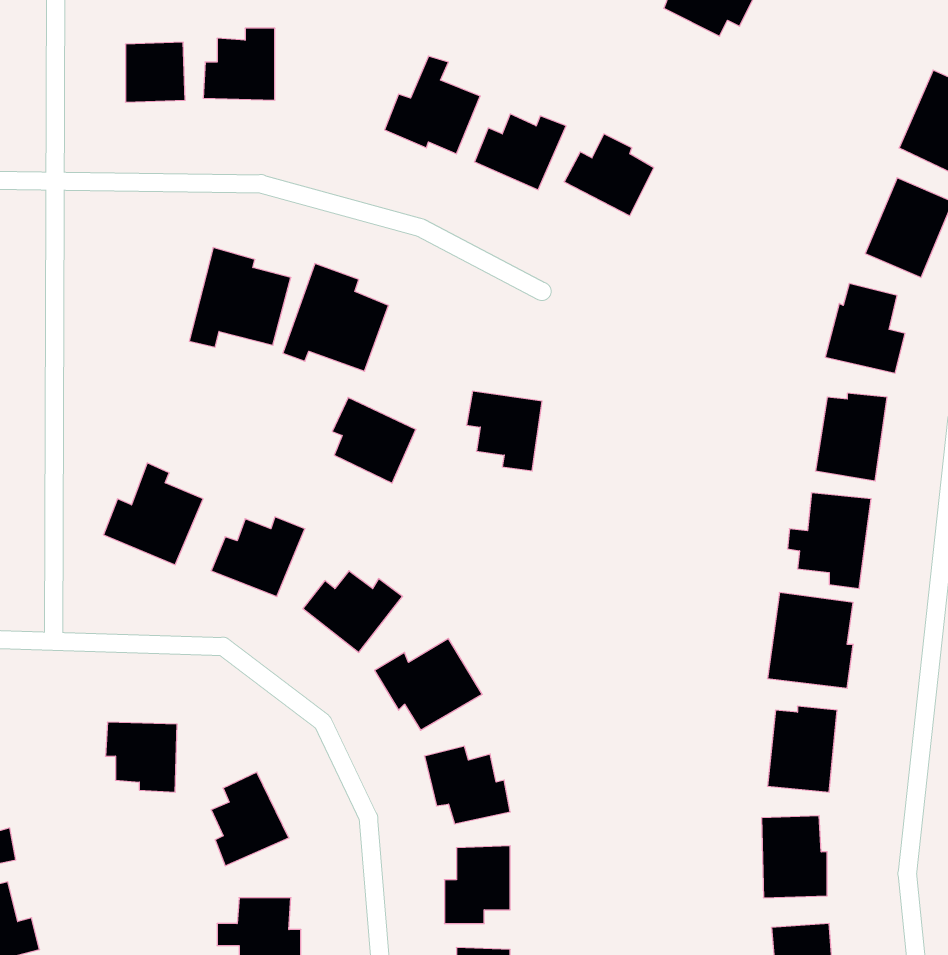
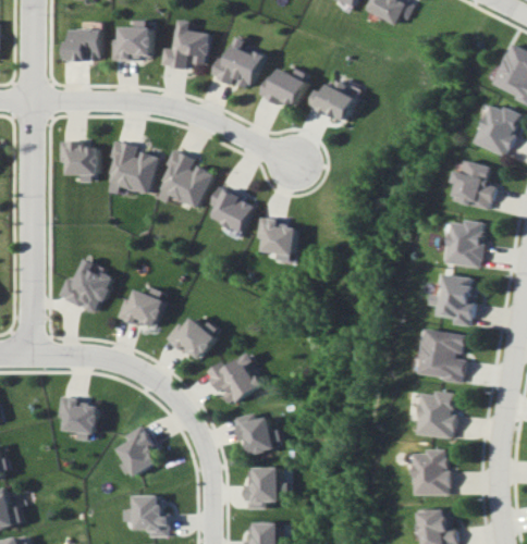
building: none -> [161,20,210,70]
building: none -> [61,143,99,182]
building: [332,397,416,483] -> [209,186,255,233]

